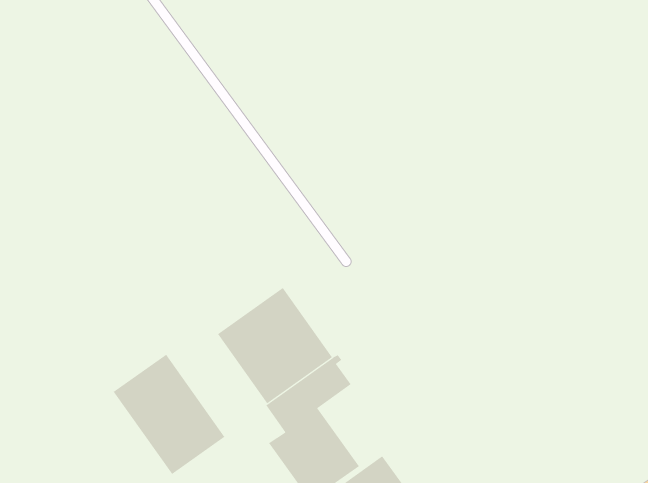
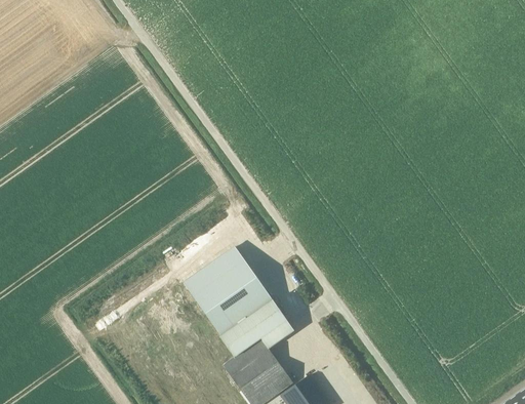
building: [113,354,225,475] -> none

